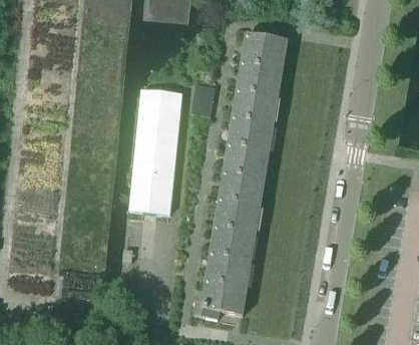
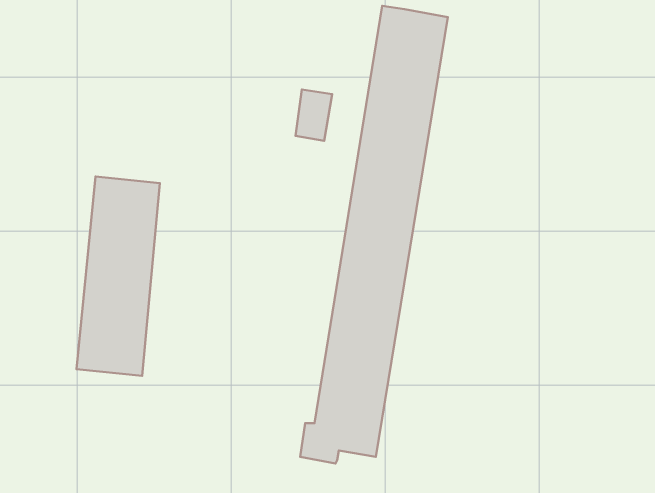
building: [128,89,180,214] -> [76,177,160,376]

